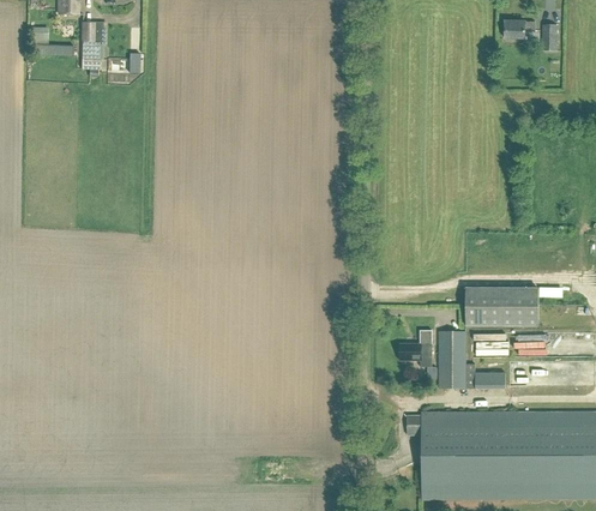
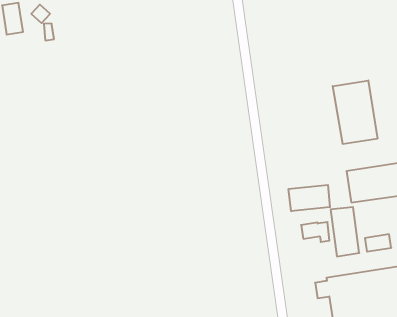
building: none -> [333,80,377,144]
building: none -> [289,185,330,211]

